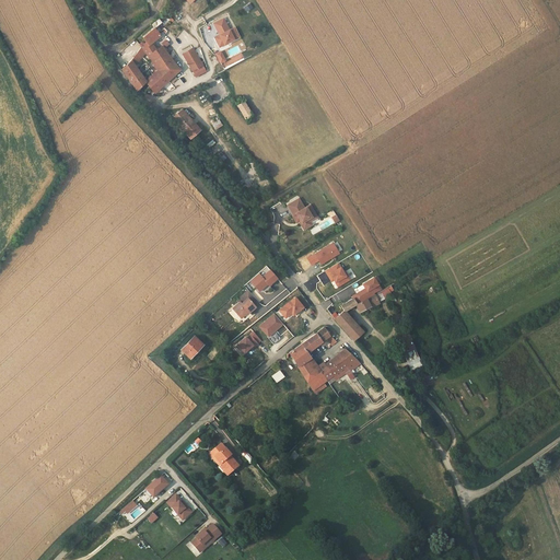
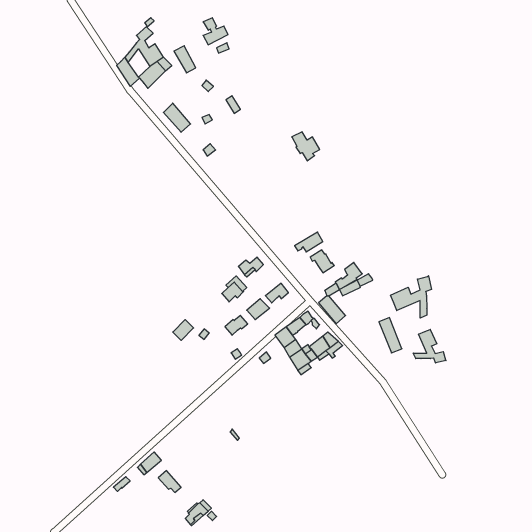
building: [288,199,317,230] -> [292,132,320,161]
building: none -> [391,276,432,318]
building: none -> [413,329,446,363]
building: [211,444,238,476] -> none

